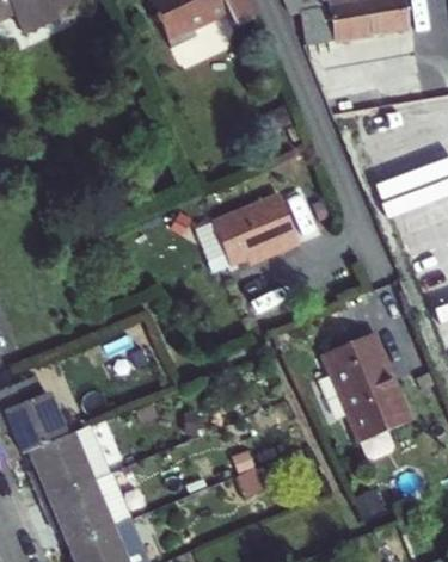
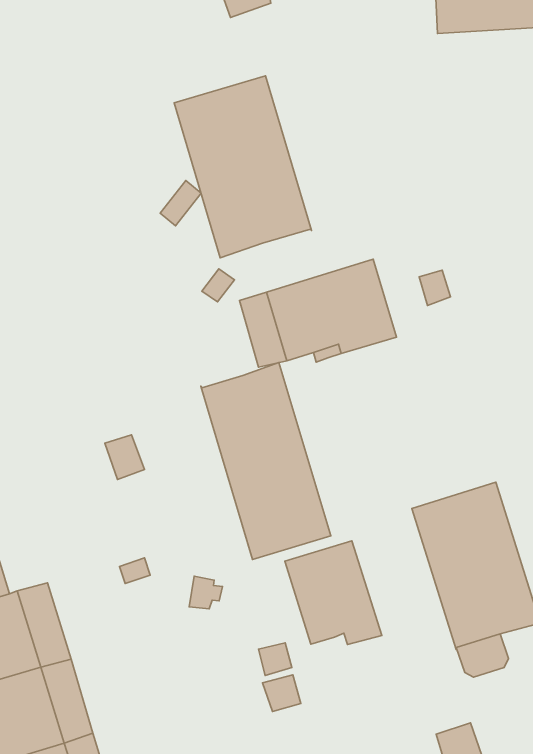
building: none -> [174,76,312,258]
building: none -> [201,363,331,559]
building: none -> [285,541,382,645]

